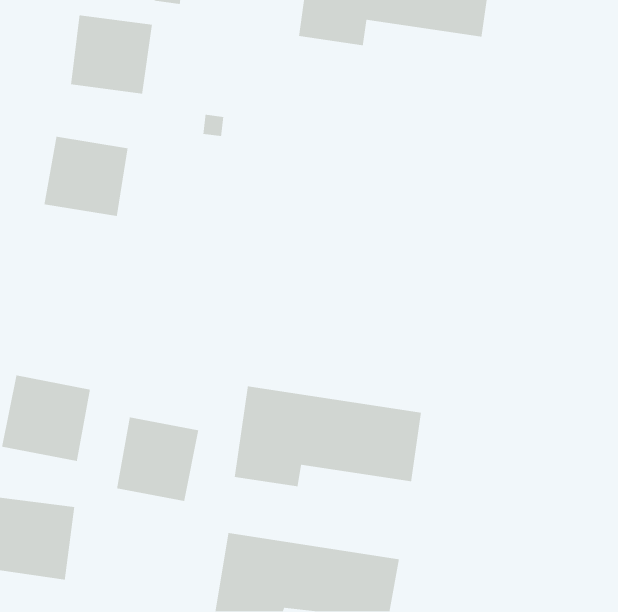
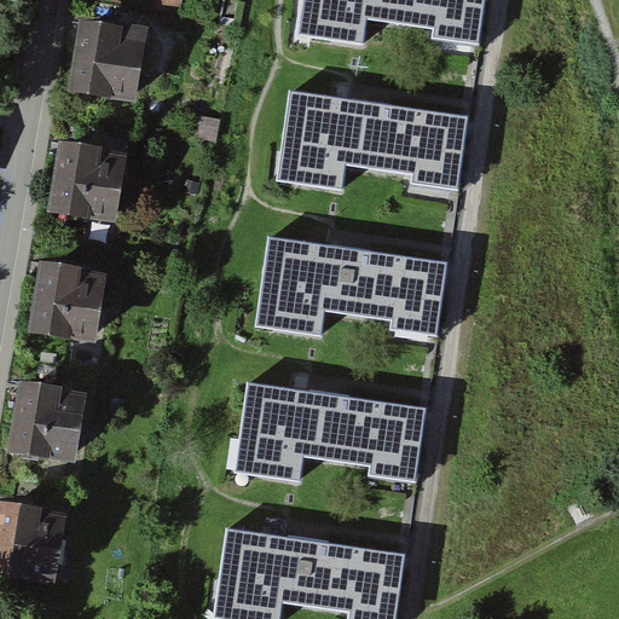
building: none -> [274,92,464,190]
building: none -> [254,235,444,336]
building: none -> [25,254,111,342]
building: [116,416,199,502] -> none

